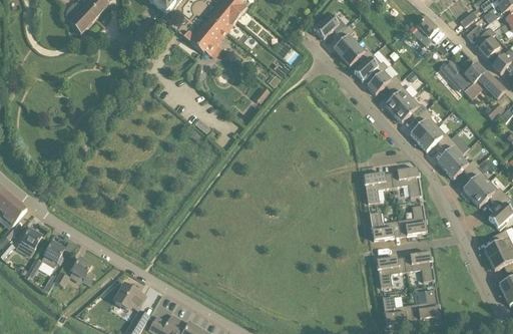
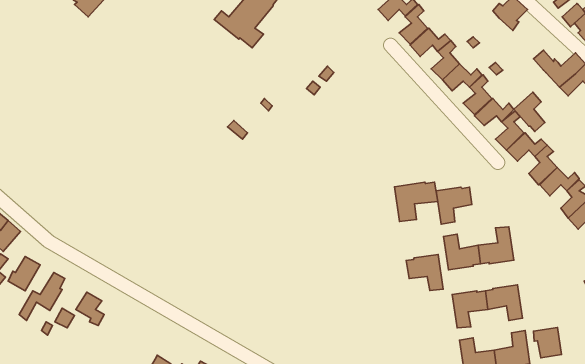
building: none -> [514,92,545,131]
building: [390,166,421,196] -> none
building: none -> [394,182,438,222]
building: none -> [406,254,443,291]
building: [113,284,144,311] -> none
building: none -> [533,328,562,358]

